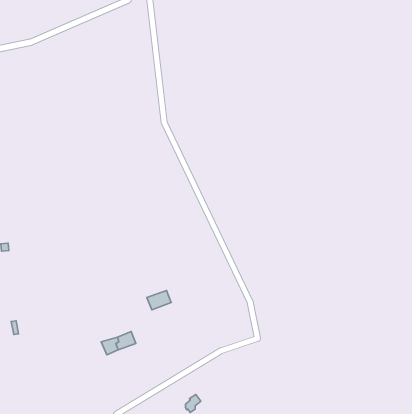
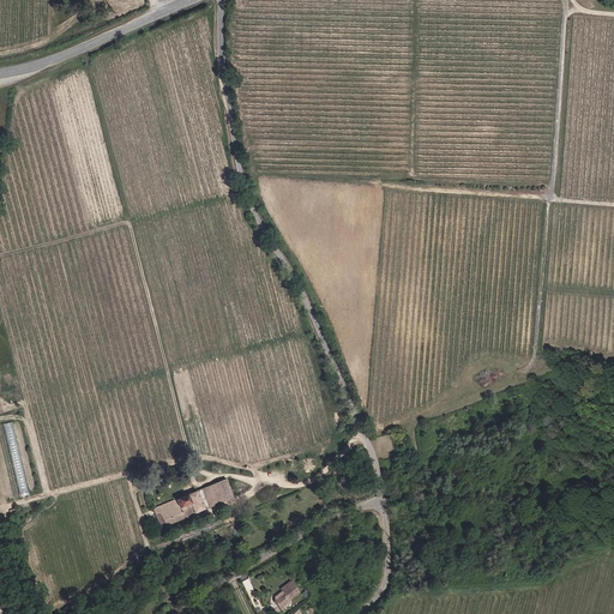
building: [147,290,171,310] -> [197,480,233,508]

